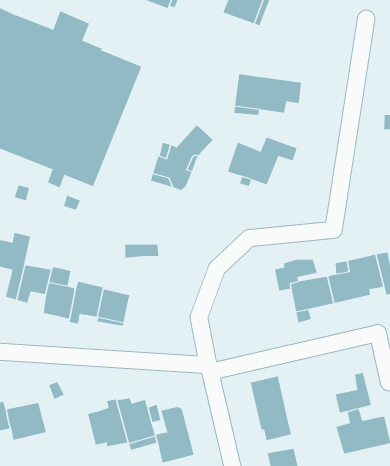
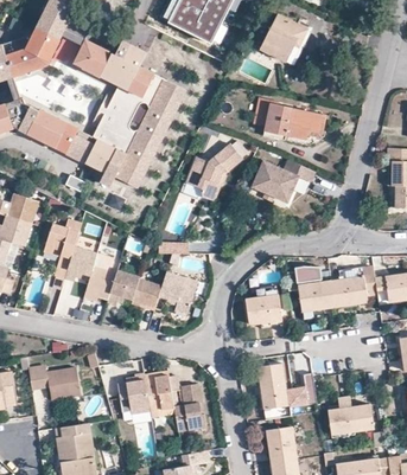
building: none -> [158,271,197,314]
building: none -> [246,295,281,323]
building: [335,372,372,413] -> [286,373,317,406]

